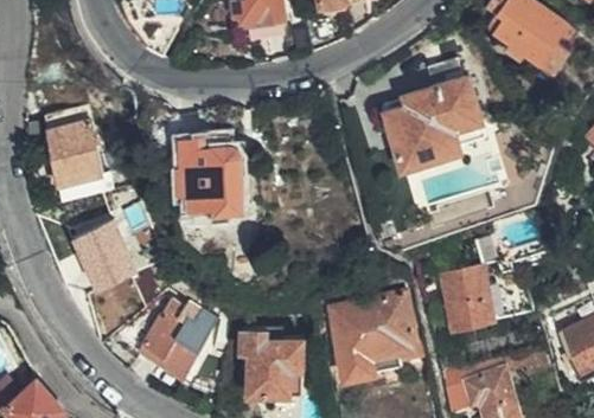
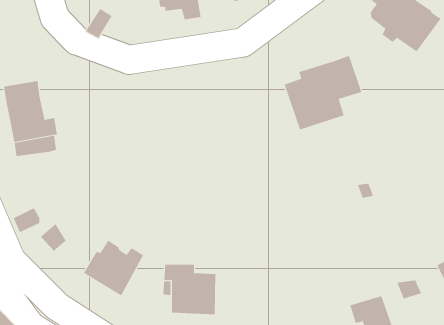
building: [180,136,242,205] -> none
building: [66,201,116,274] -> none
building: [440,265,493,327] -> none
building: [330,295,413,381] -> none

